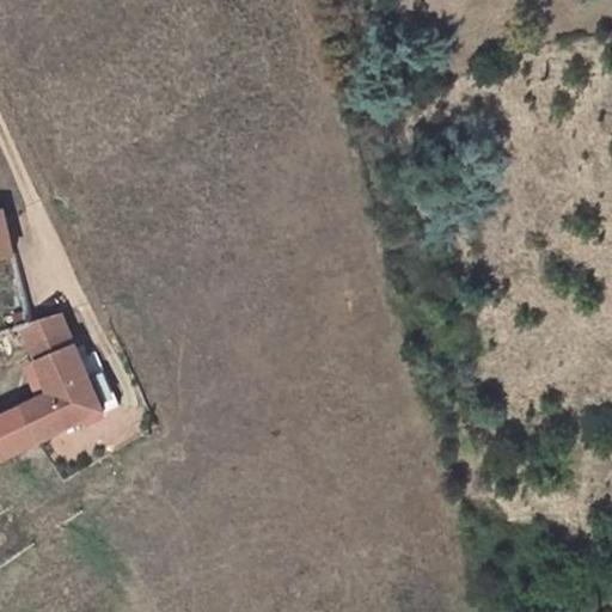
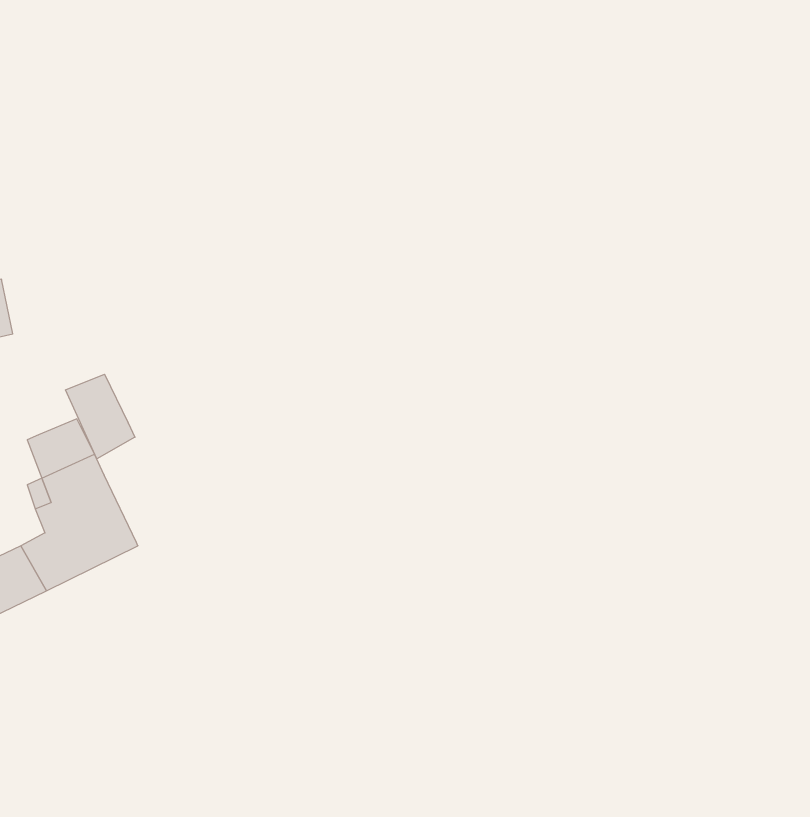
building: none -> [65,374,135,459]

